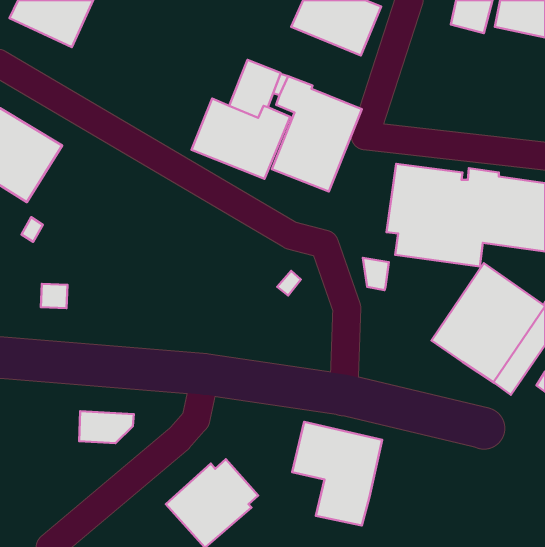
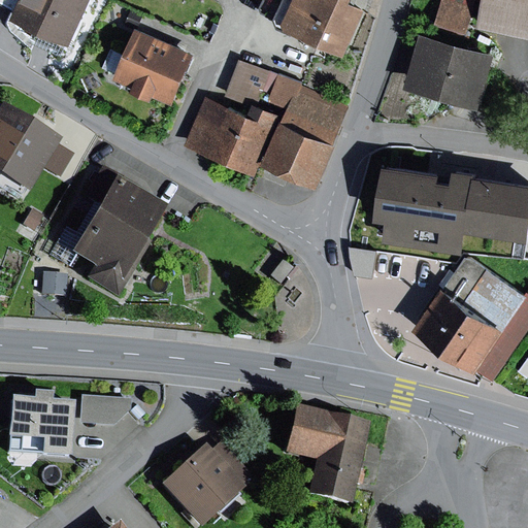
building: none -> [112,27,194,103]
building: none -> [405,33,495,107]
building: none -> [68,170,164,298]
building: none -> [5,393,71,458]

